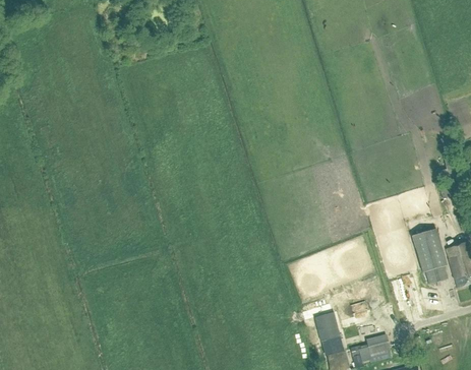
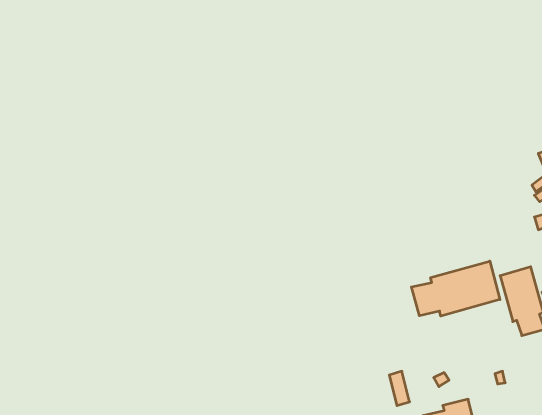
building: none -> [411,261,500,316]

